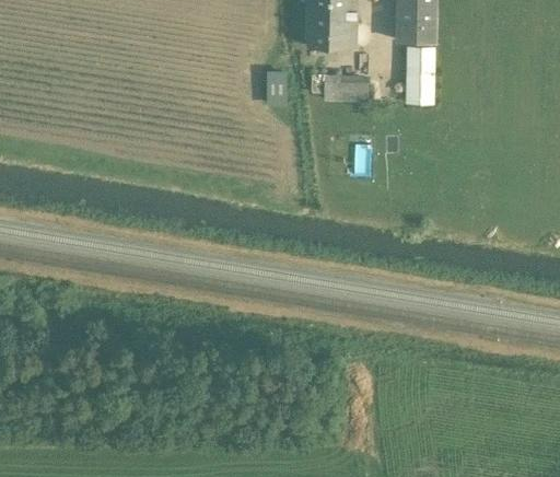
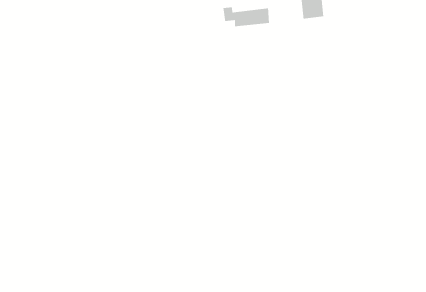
building: [266,71,287,104] -> none

